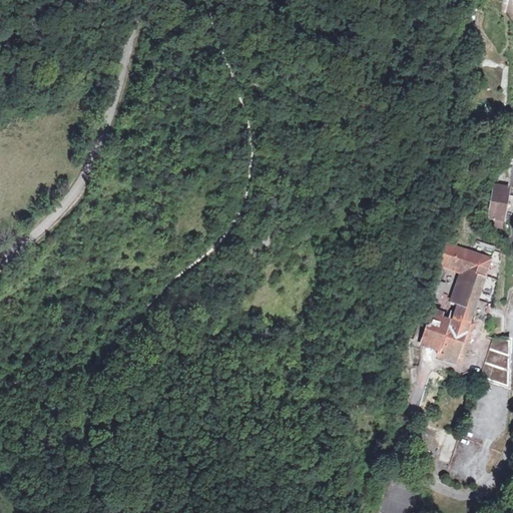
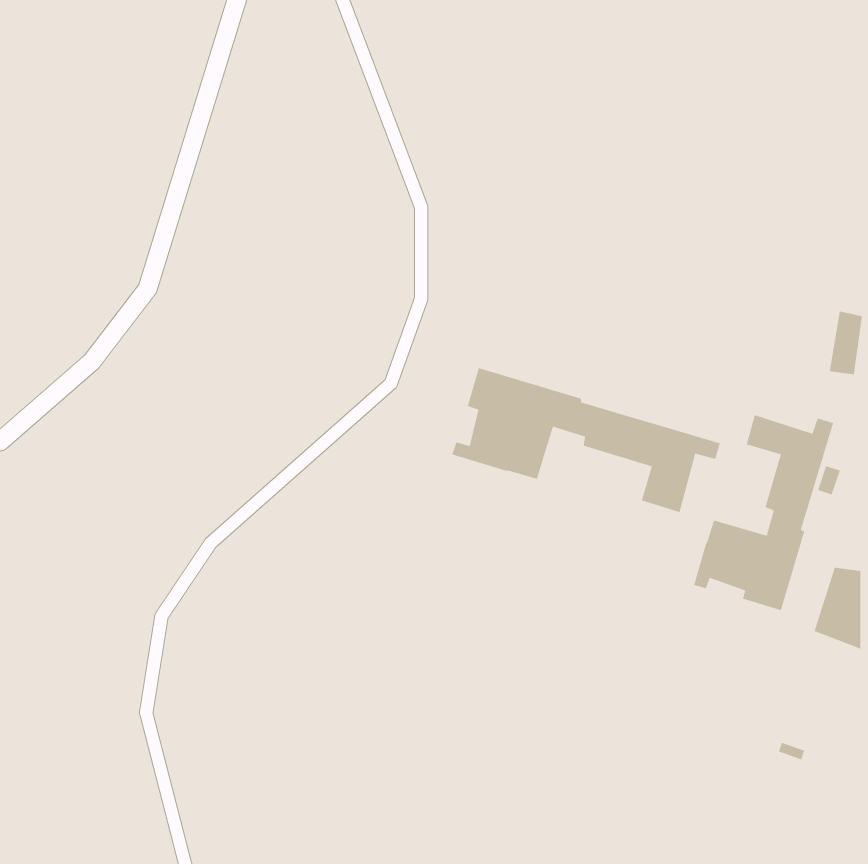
building: none -> [451,367,721,513]

